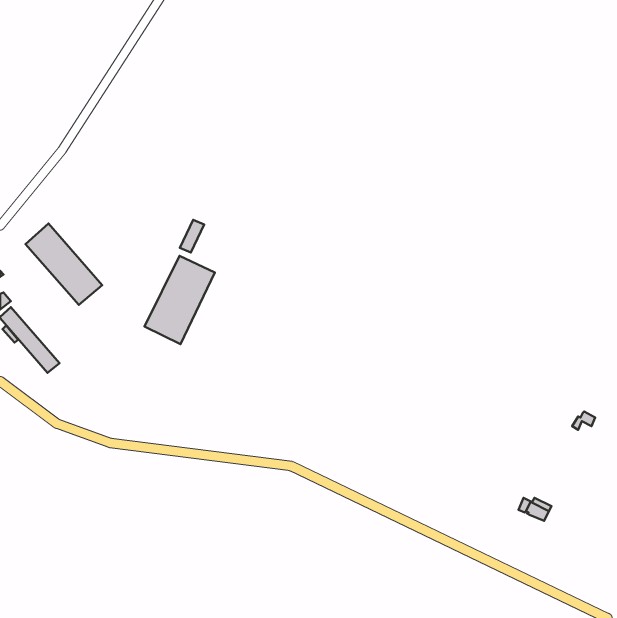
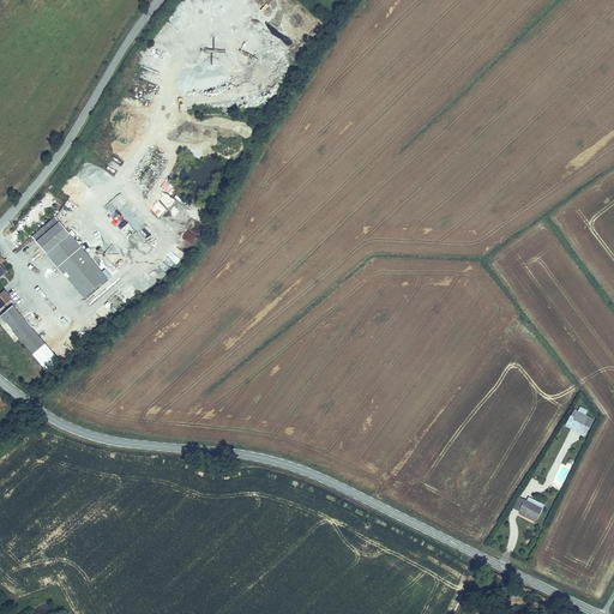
building: [145,256,215,344] -> none

